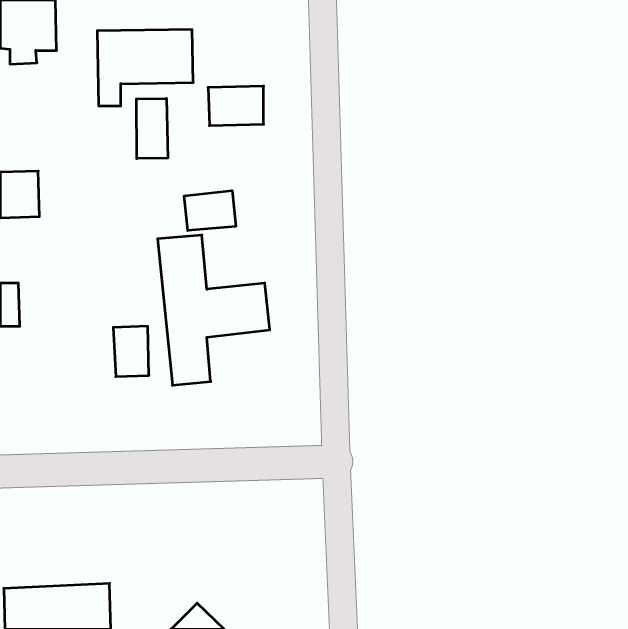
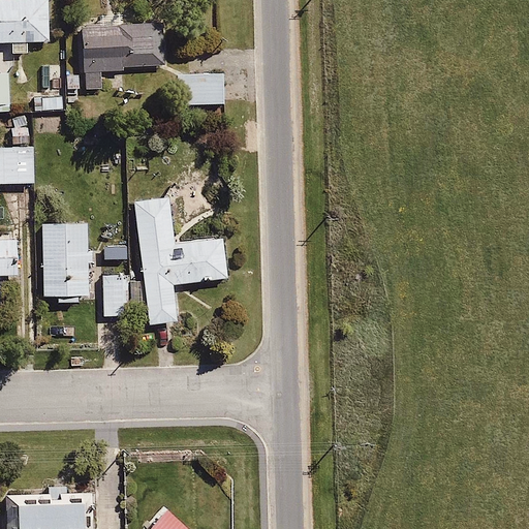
building: [136,98,168,159] -> none
building: [184,191,236,231] -> none
building: none -> [40,221,91,302]

